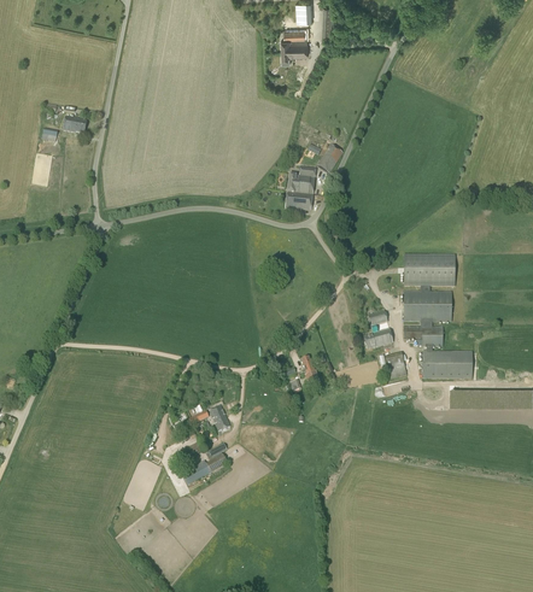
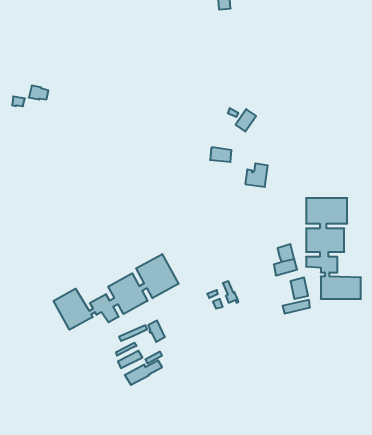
building: [280,27,307,63] -> none
building: [288,165,316,194] -> [245,164,268,187]
building: none -> [54,254,179,330]

